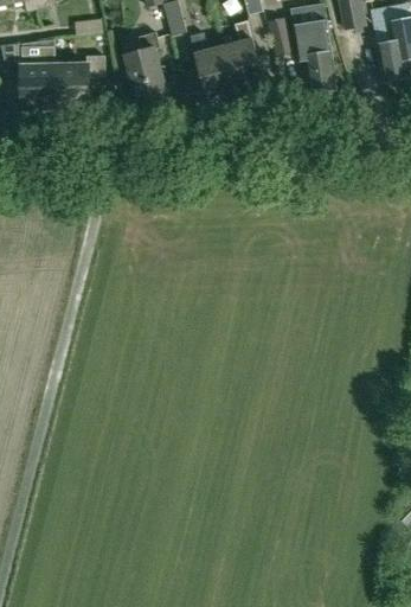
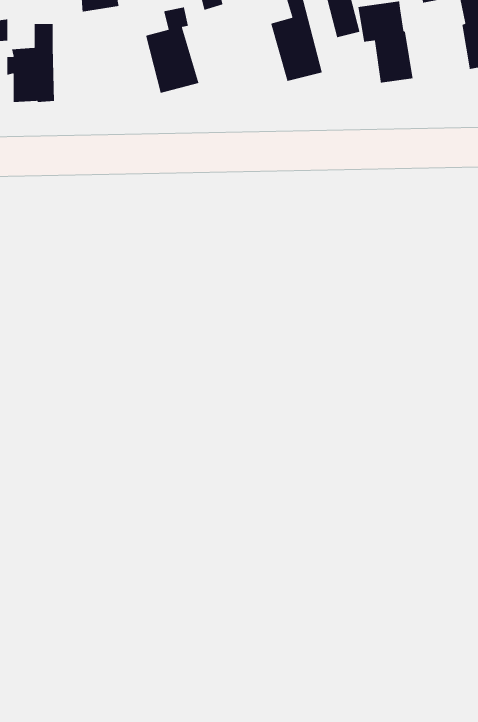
building: [191,31,237,98] -> none
building: [53,53,104,110] -> none

